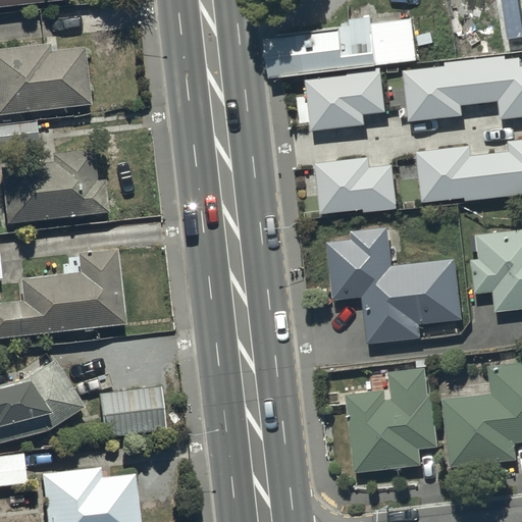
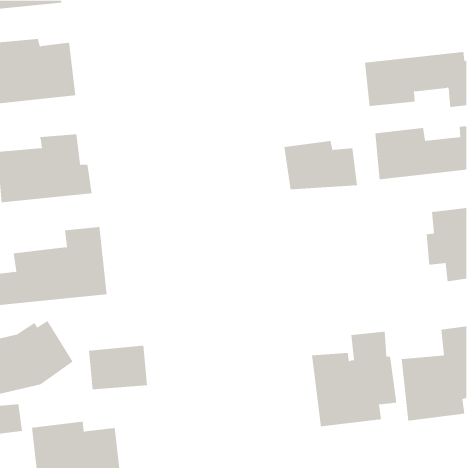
building: [265,14,416,71] -> none
building: [305,69,383,129] -> none
building: [328,229,465,346] -> none

